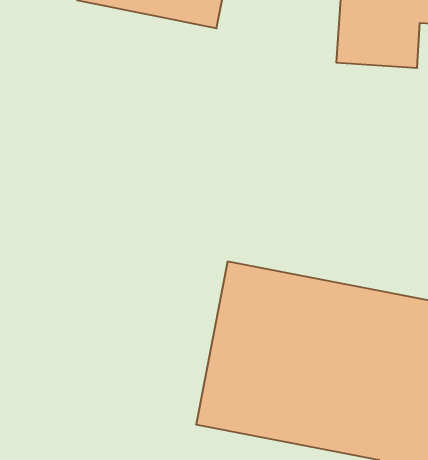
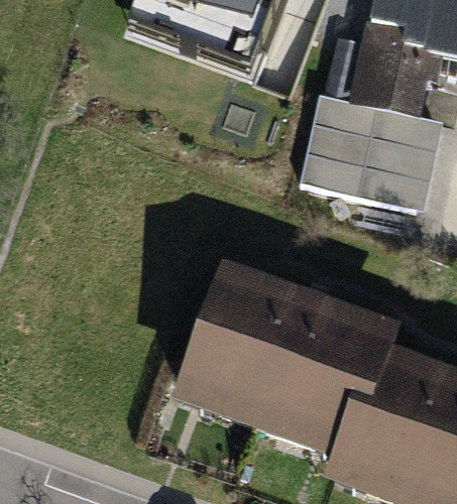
building: none -> [334,102,422,196]

